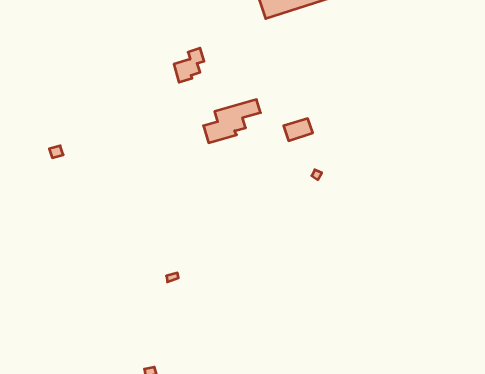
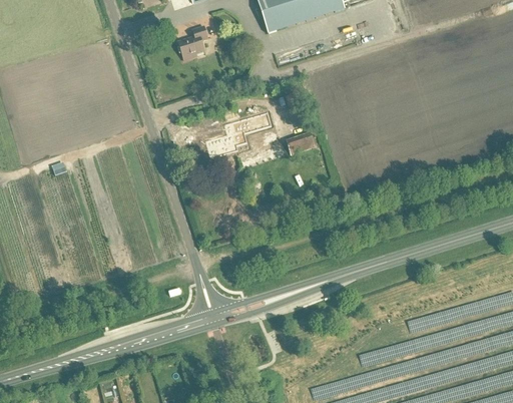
building: [174,48,204,82] -> [178,25,208,59]

